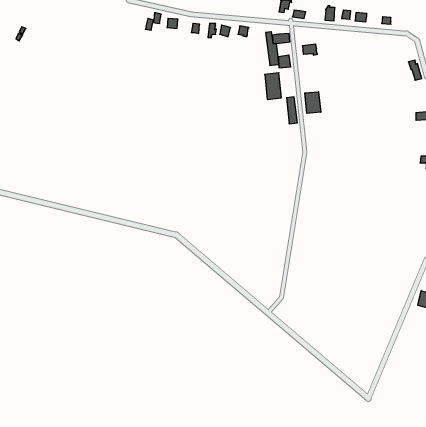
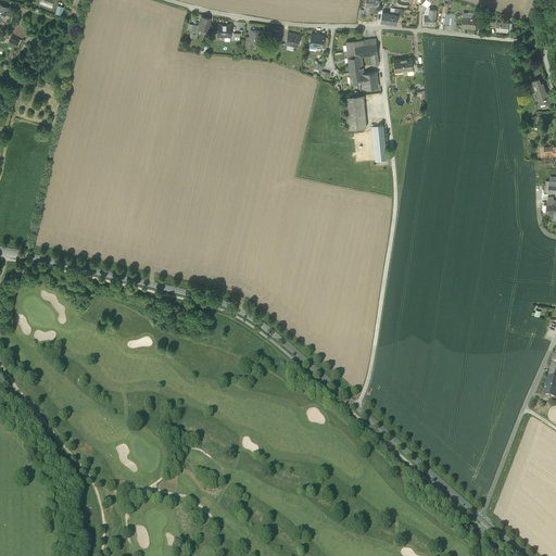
building: [305,92,321,113] -> none

